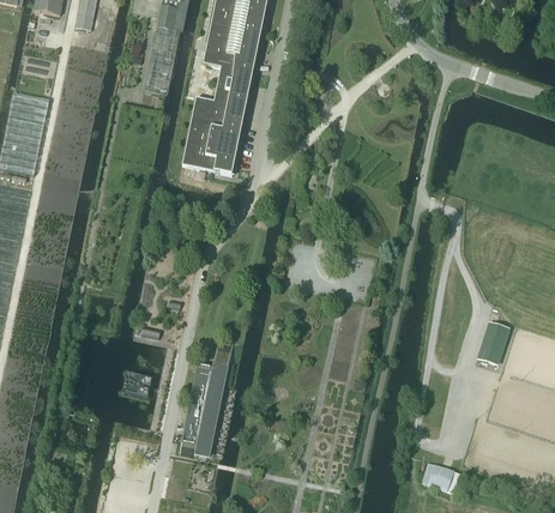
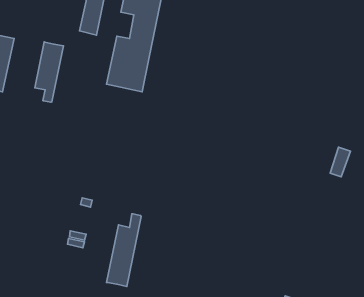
building: none -> [35,42,64,102]
building: [478,321,507,363] -> [330,147,350,177]

